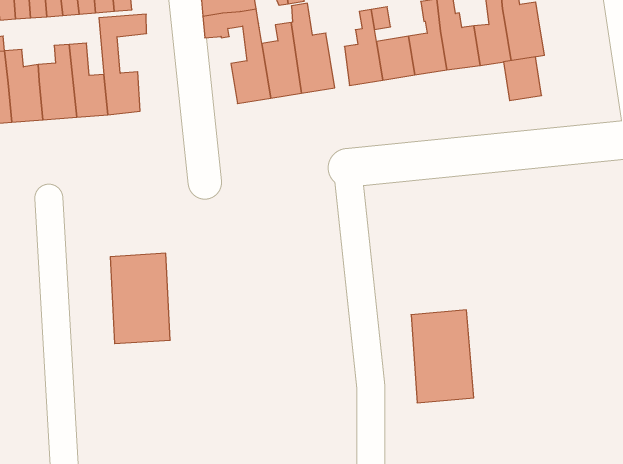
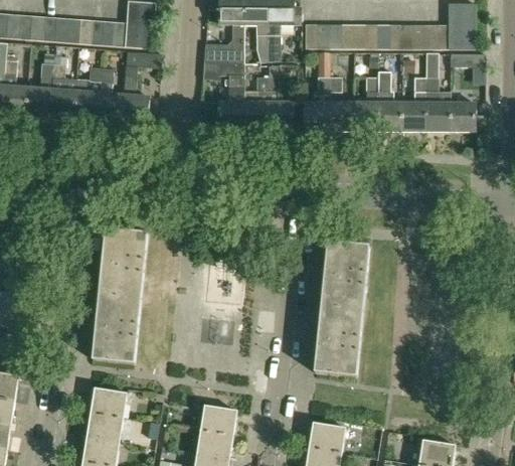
building: [503,57,542,101] -> [449,103,473,132]
building: none -> [320,241,367,310]
building: none -> [93,293,140,363]

